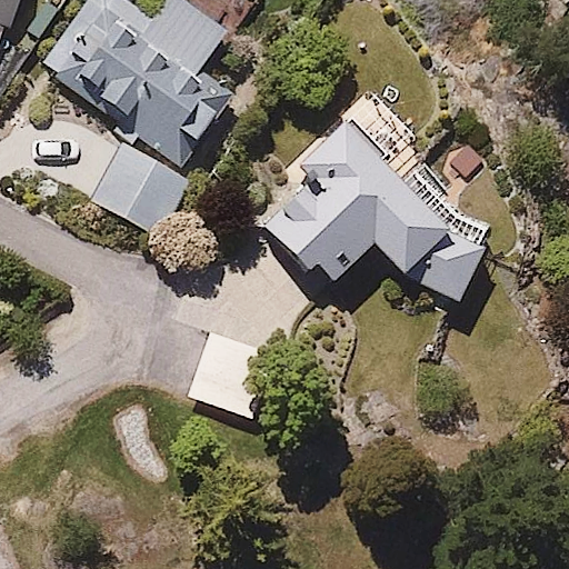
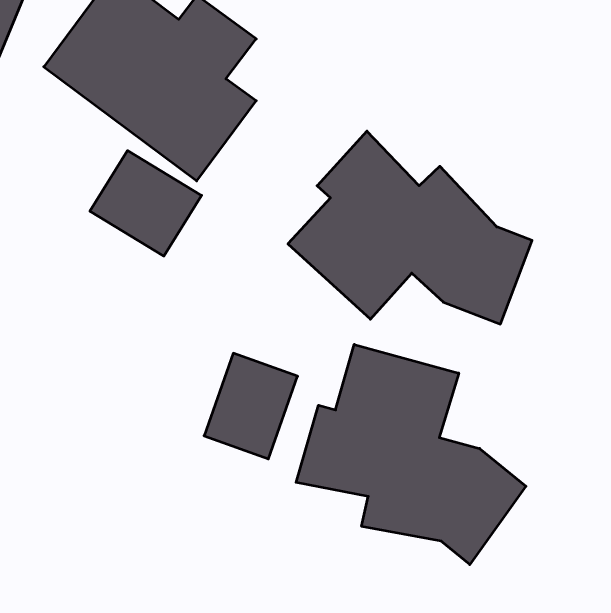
building: none -> [296,344,526,565]

